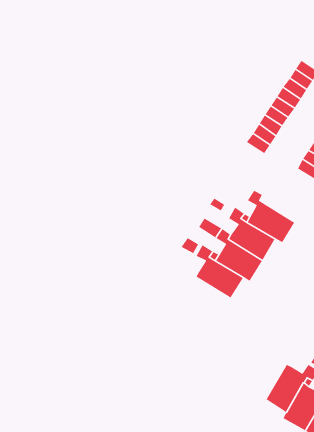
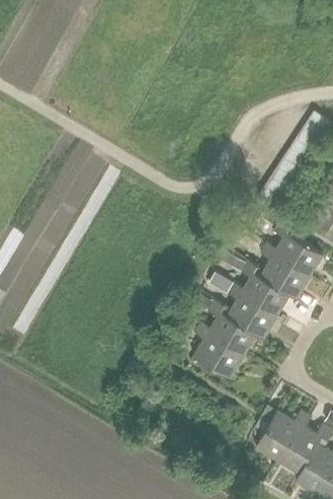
building: none -> [271,221,322,278]
building: none -> [192,323,242,378]
building: none -> [254,410,310,459]

